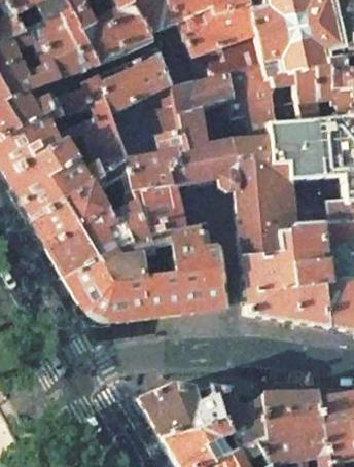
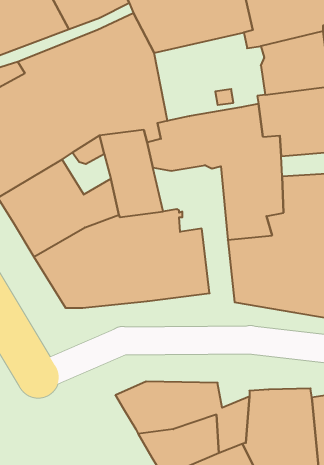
building: [175,68,276,148] -> none

